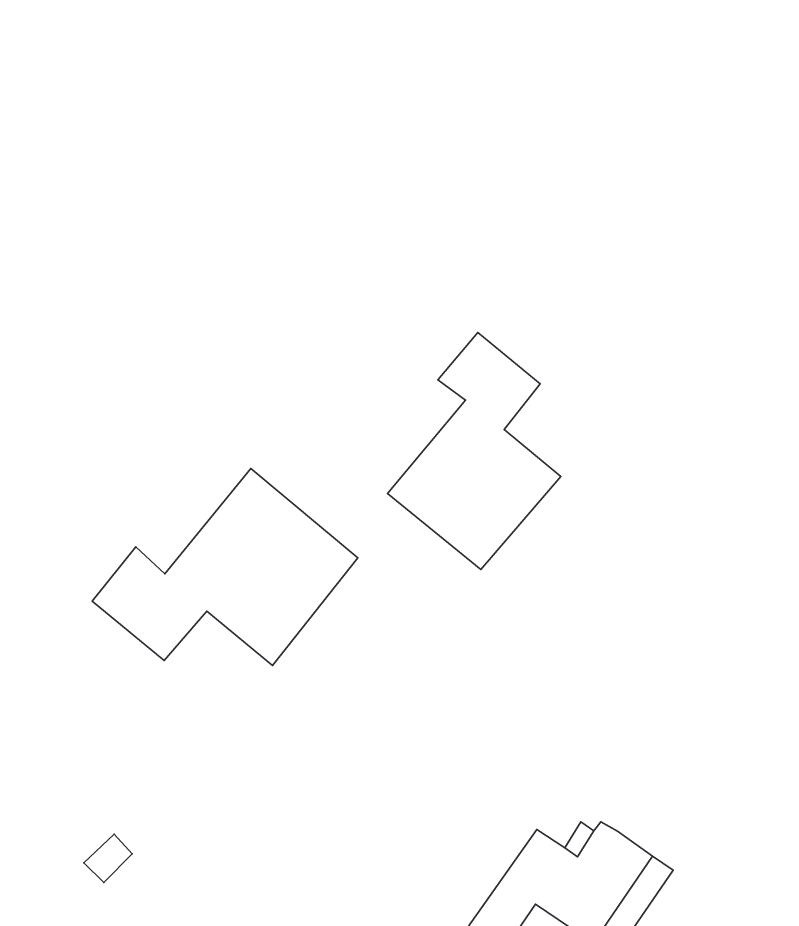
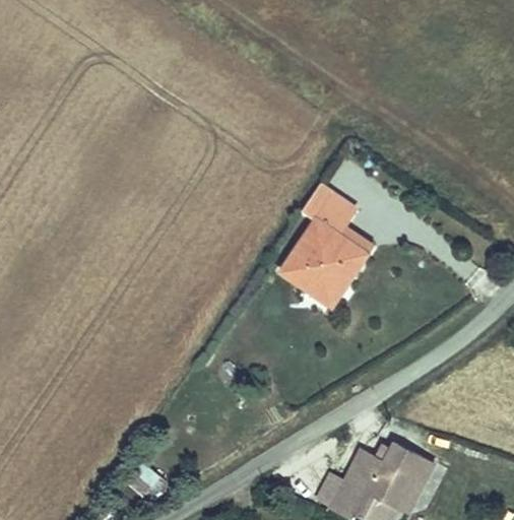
building: [92,468,358,666] -> none

